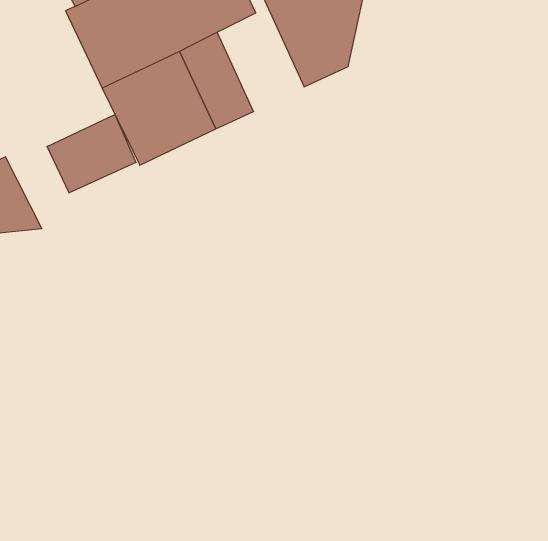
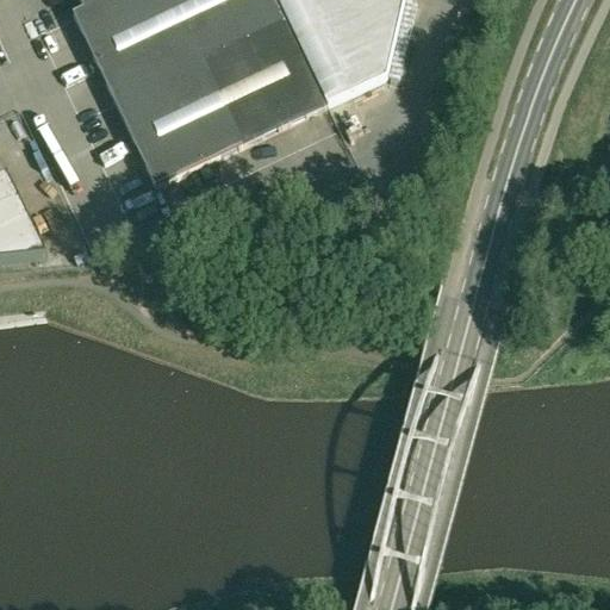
building: none -> [241,14,326,124]
building: [47,114,136,193] -> none

